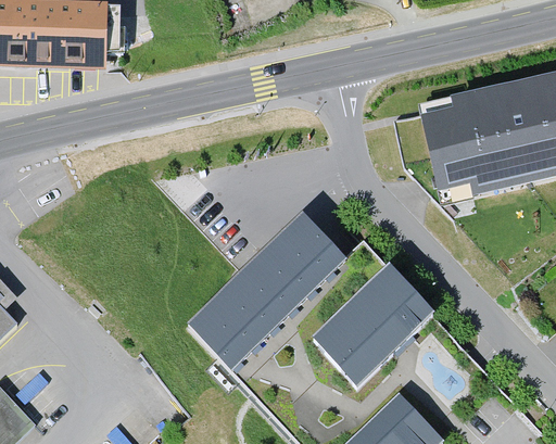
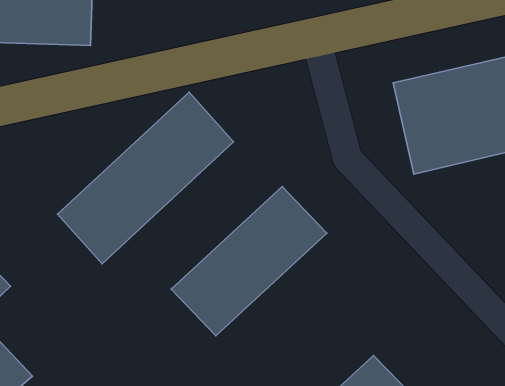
building: none -> [58,92,234,264]
building: [313,268,433,388] -> none

